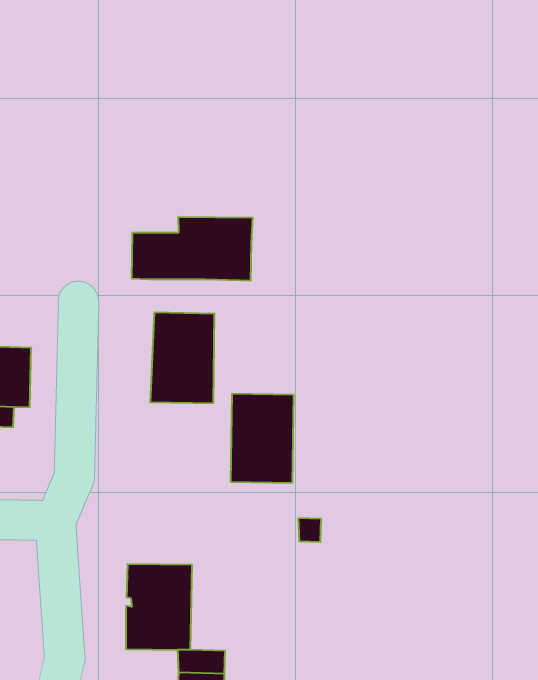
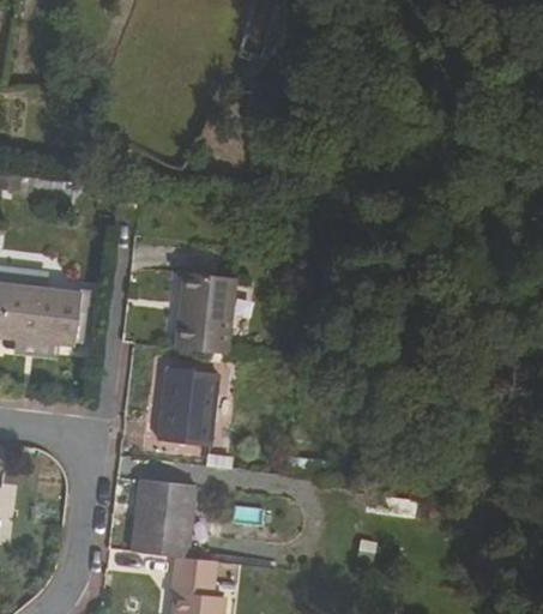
building: [132,217,253,281] -> none
building: [231,394,294,483] -> [157,368,217,447]

